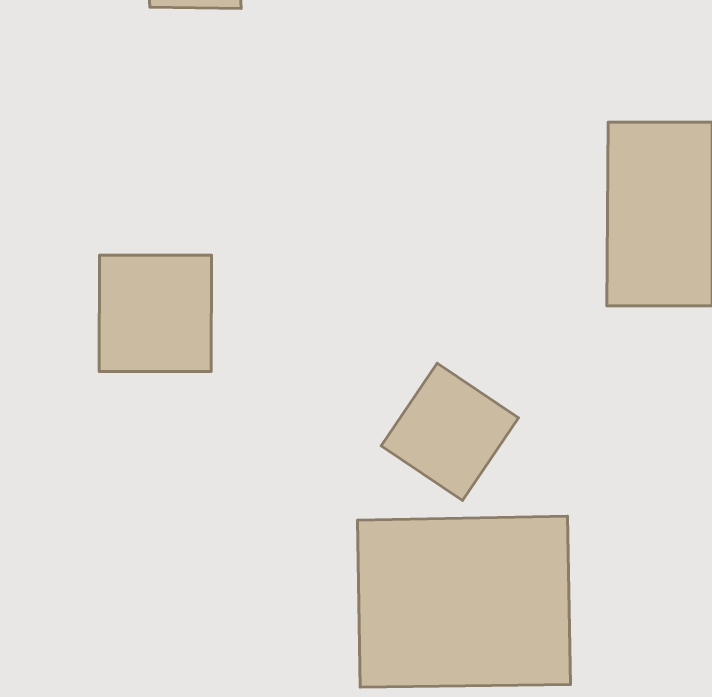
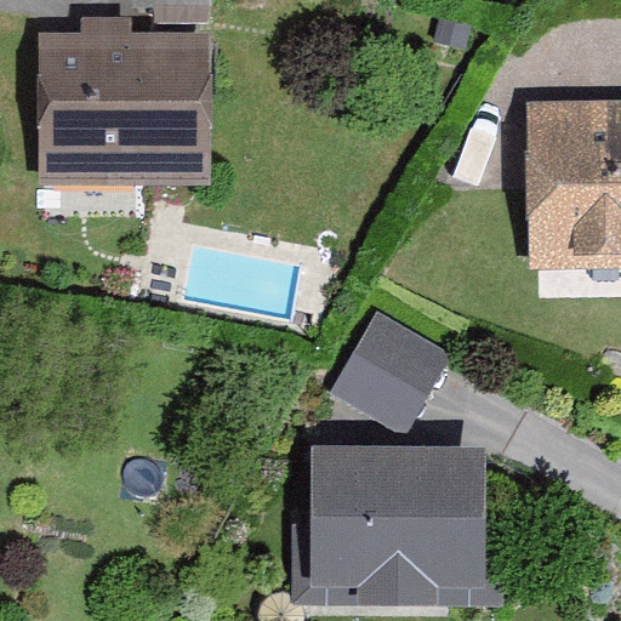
building: none -> [39,16,211,184]
building: [99,255,212,372] -> none

